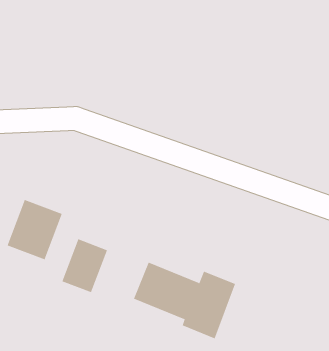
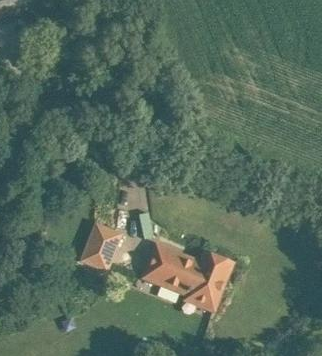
building: [7,199,62,260] -> none

